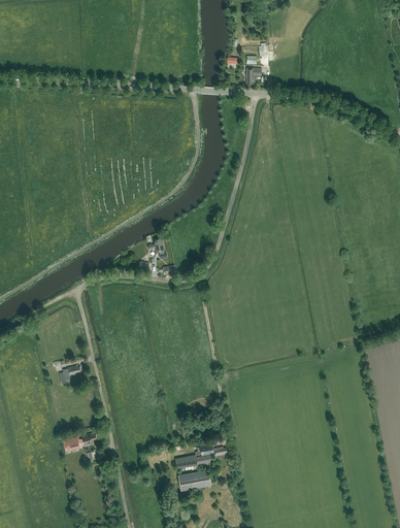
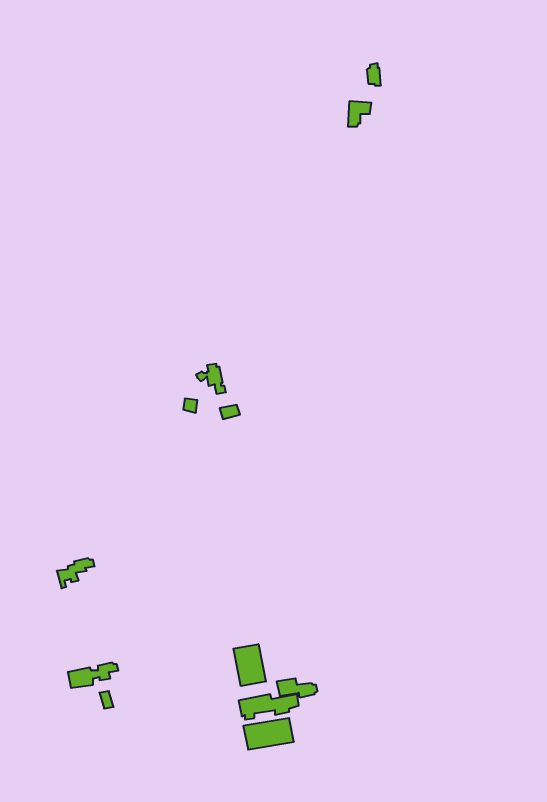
building: none -> [233,644,266,686]

